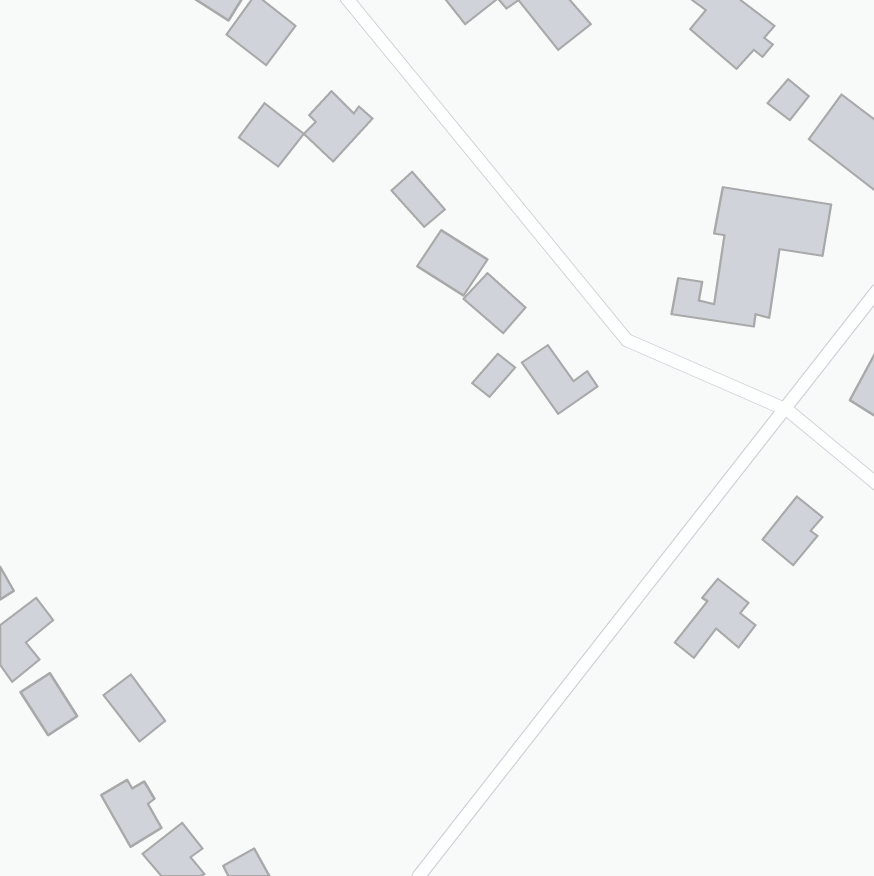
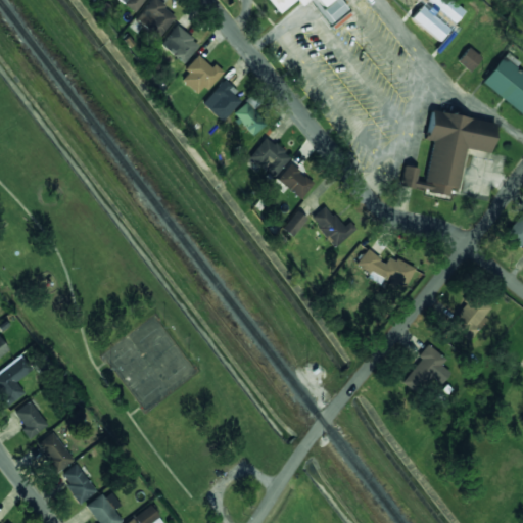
building: [239,103,304,167] -> [162,25,201,62]
building: none -> [203,80,244,122]
building: none -> [358,249,414,288]
building: [103,674,165,741] -> [38,432,75,472]

